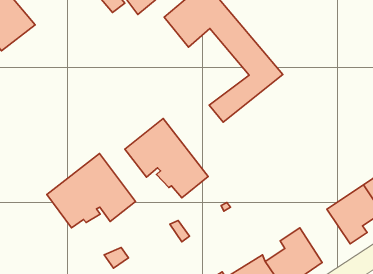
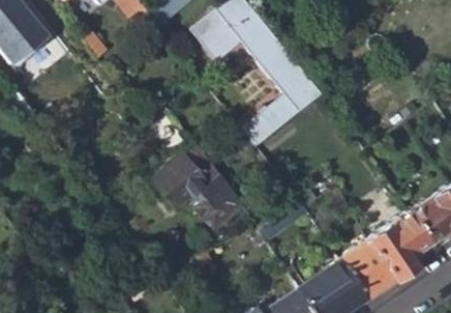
building: [47,154,136,228] -> none
building: none -> [342,239,398,298]

